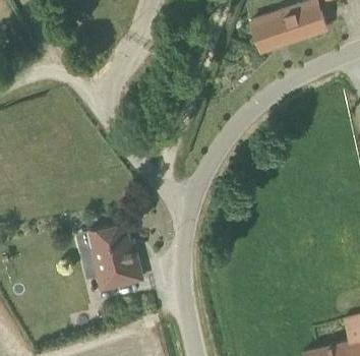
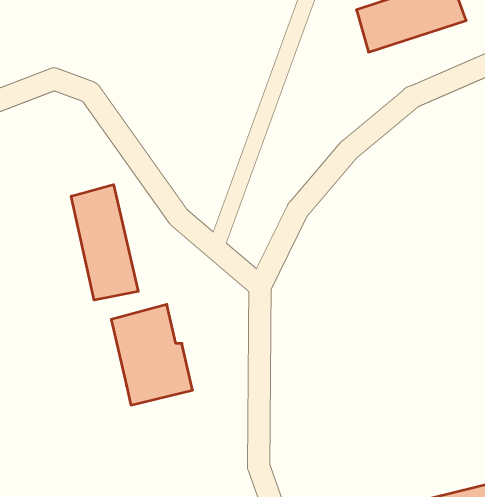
building: none -> [71,185,138,300]

